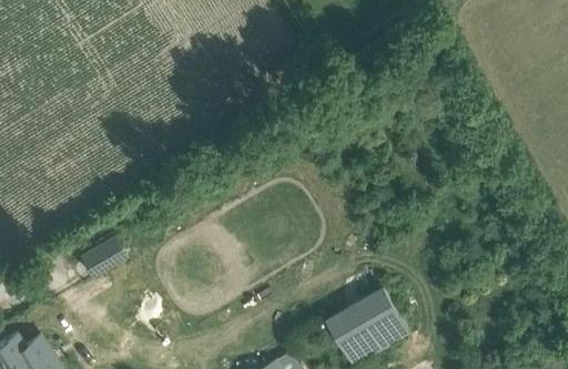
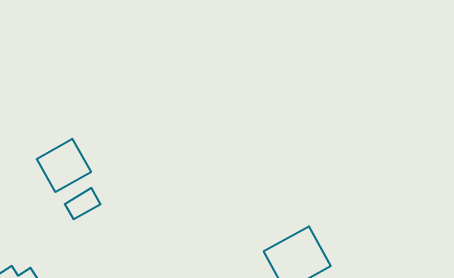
building: none -> [37,139,91,192]

